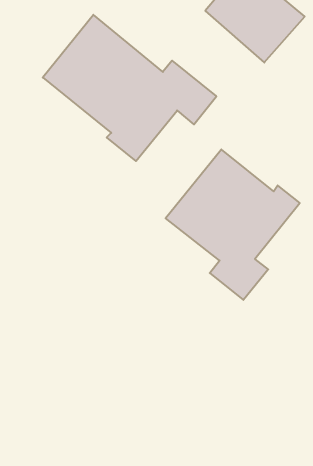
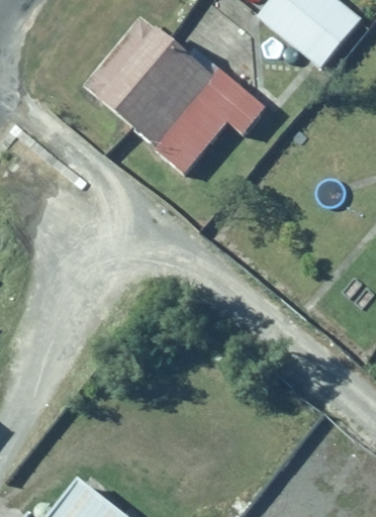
building: [166,149,300,300] -> none

